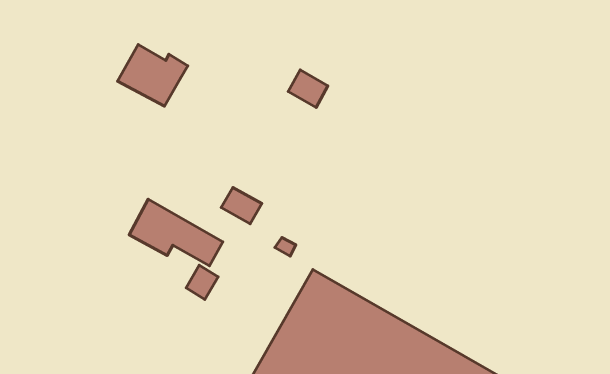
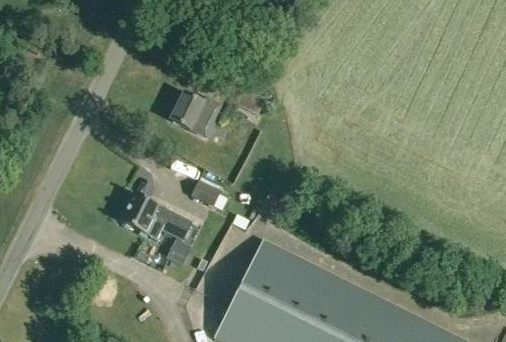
building: [118,44,188,106] -> [168,92,221,138]

